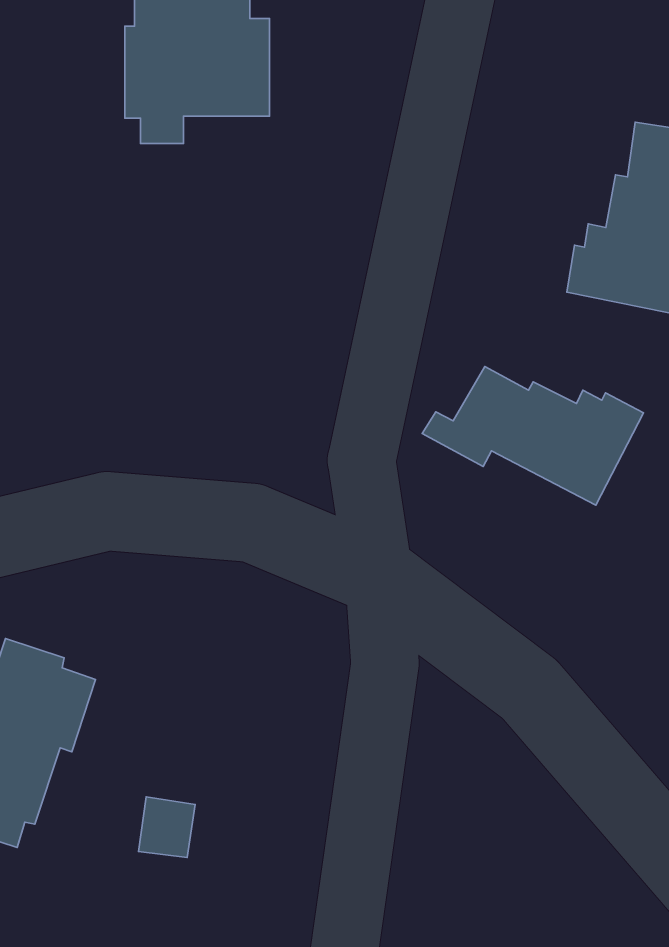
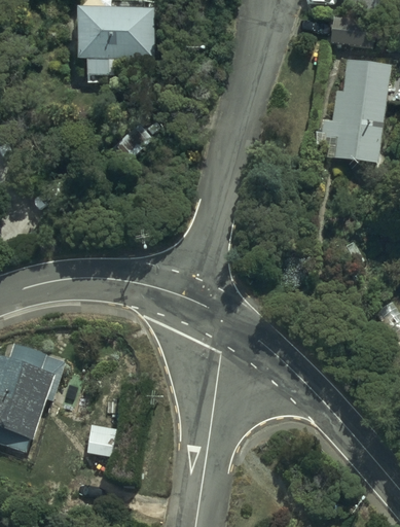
building: [422,366,643,505] -> none

